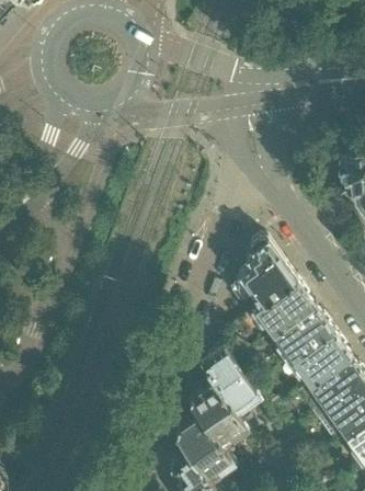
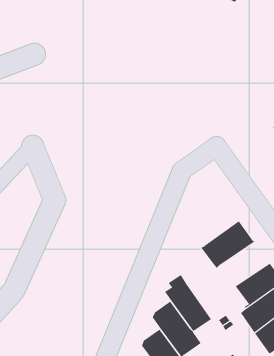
building: [236,243,299,317] -> none
building: [275,311,338,367] -> none

